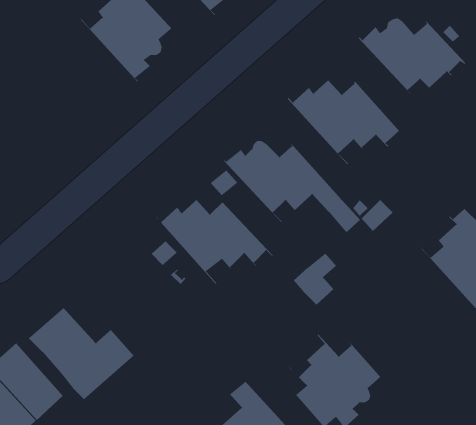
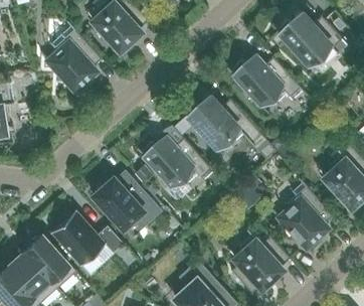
building: none -> [38,23,101,100]
building: none -> [90,172,160,231]
building: none -> [272,182,336,257]

